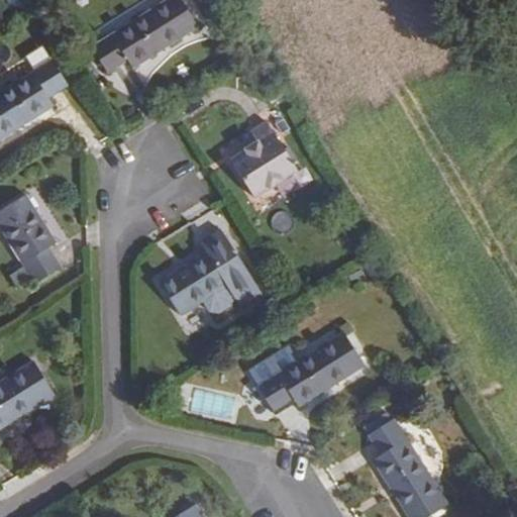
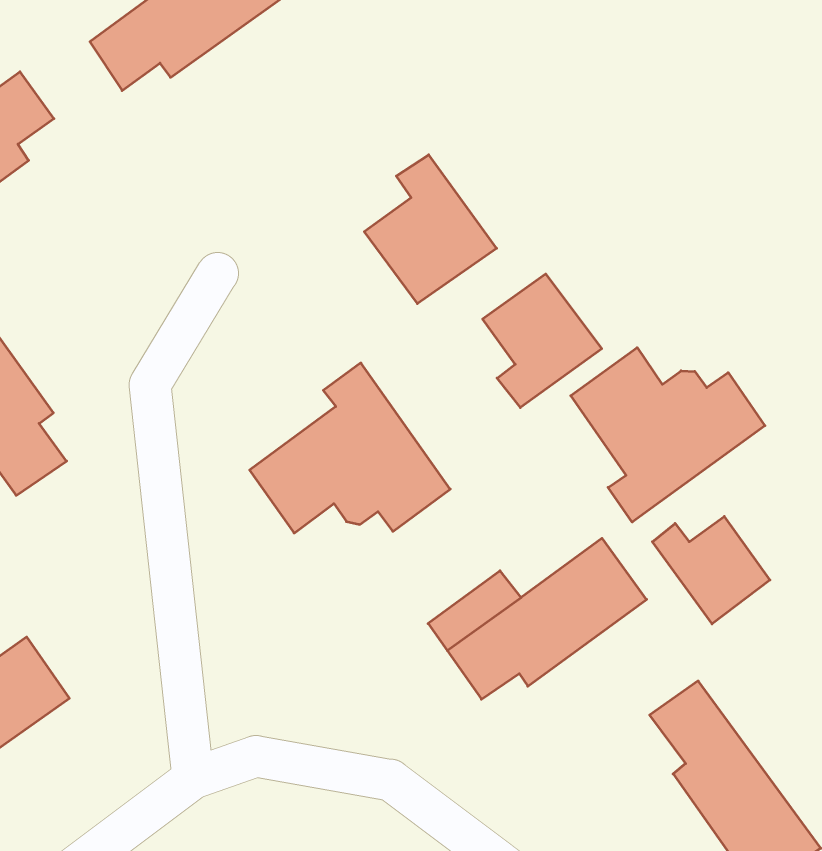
building: none -> [483,274,602,408]
building: none -> [571,348,765,522]
building: none -> [652,516,770,624]

